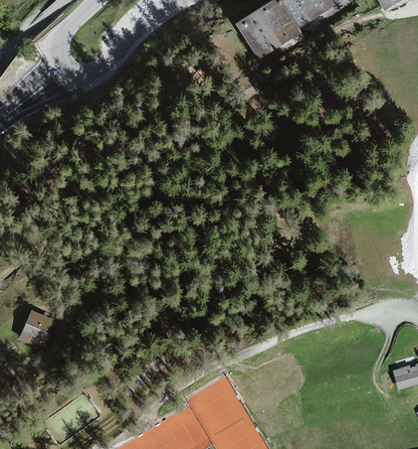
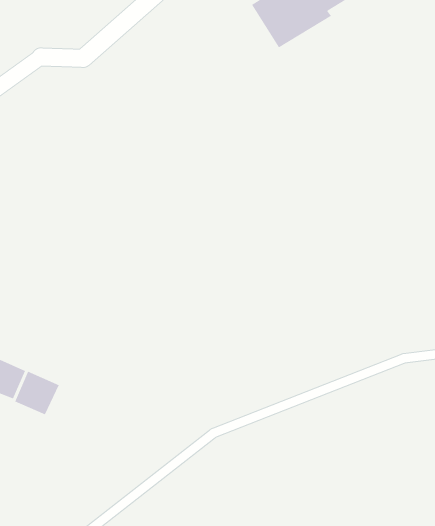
building: none -> [14,371,59,415]

